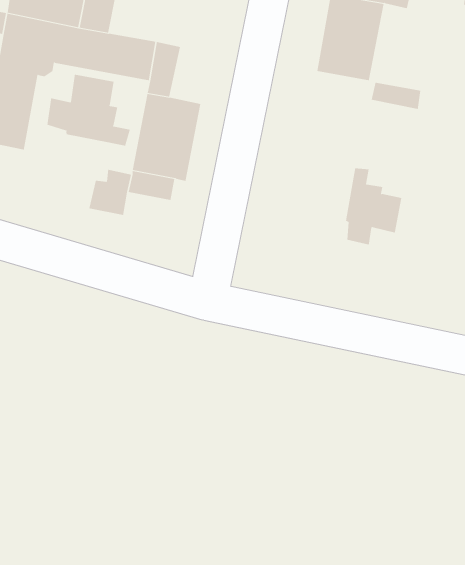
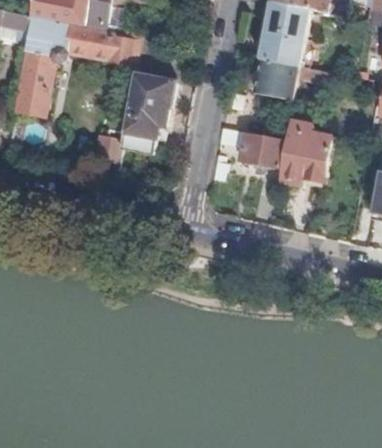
building: none -> [251,59,299,101]
building: [47,74,130,146] -> none
building: none -> [217,128,283,169]

